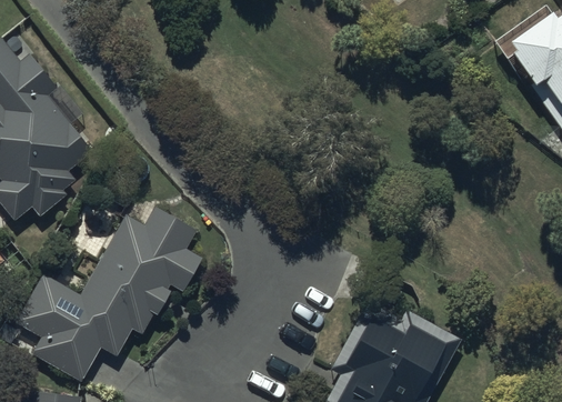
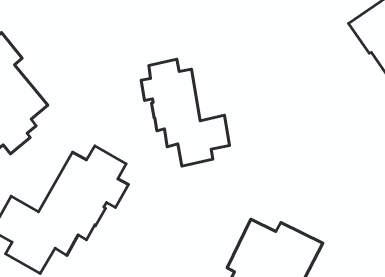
building: none -> [141,59,230,166]

